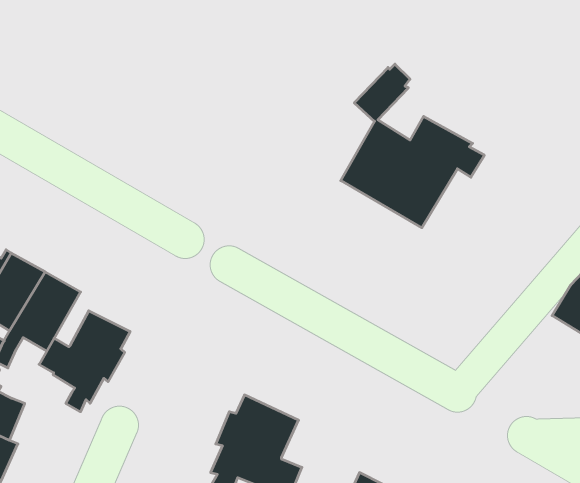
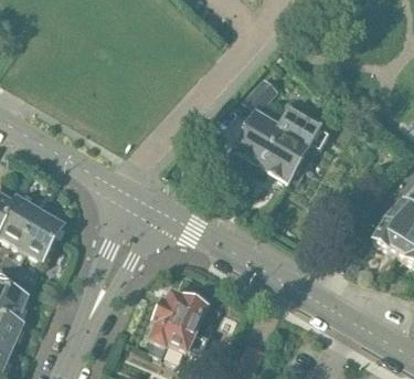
building: [39,311,130,412] -> none

